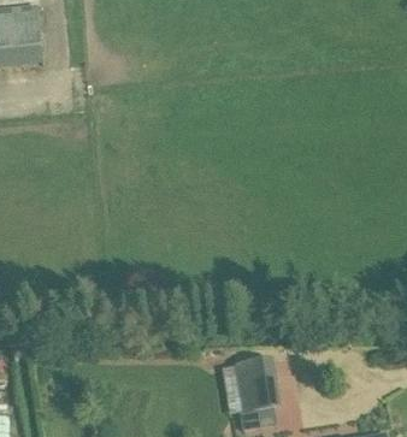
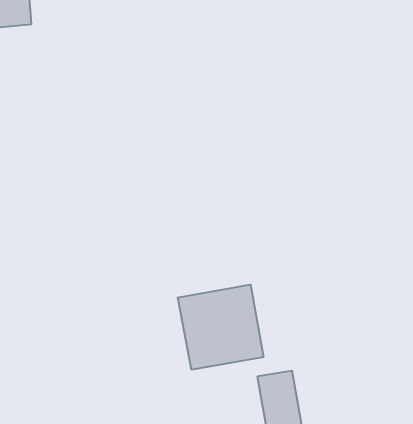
building: none -> [178,285,263,370]

